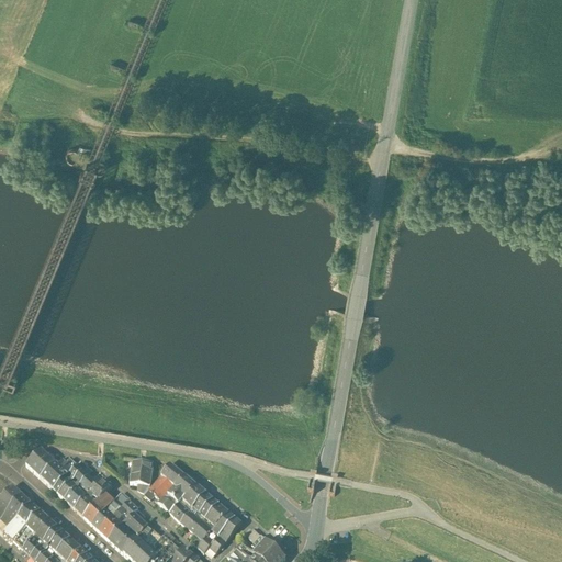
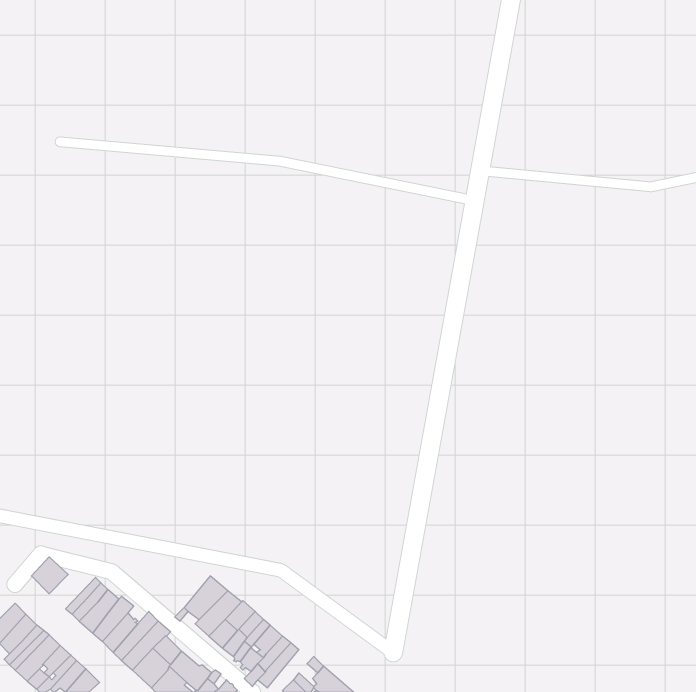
building: [40,459,77,490] -> none
building: [128,459,151,484] -> none

